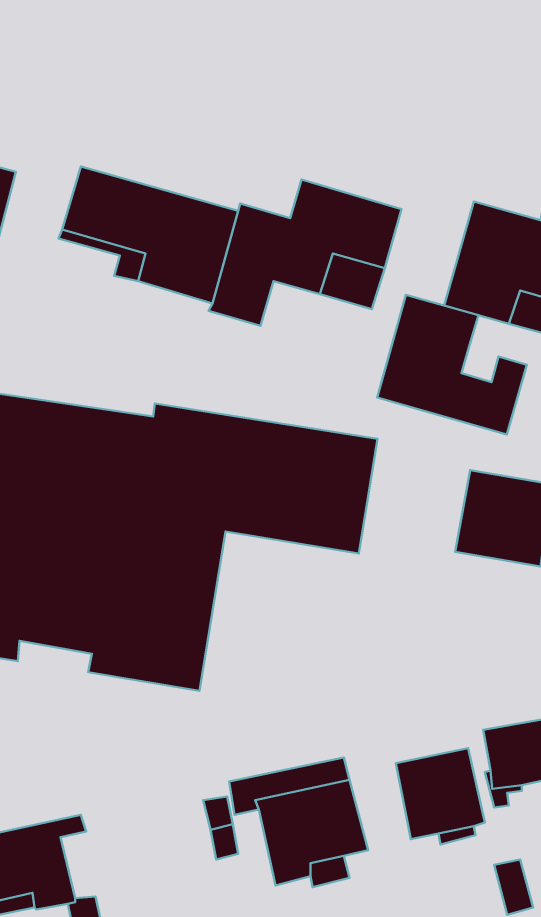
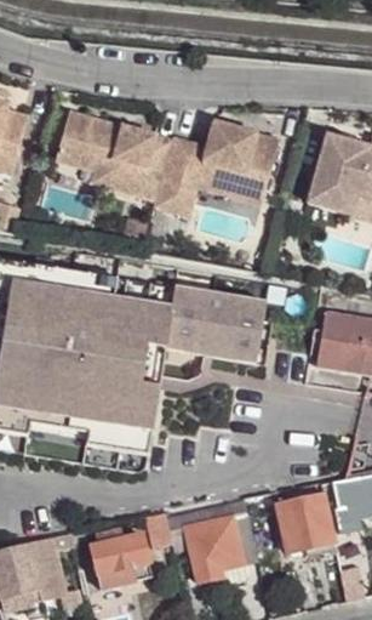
building: [377,295,527,434] -> none
building: none -> [92,534,149,587]

